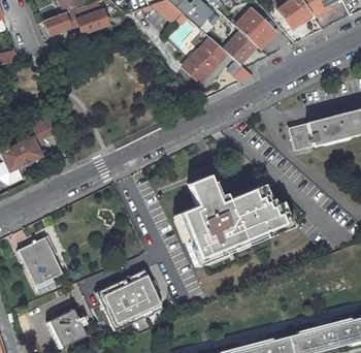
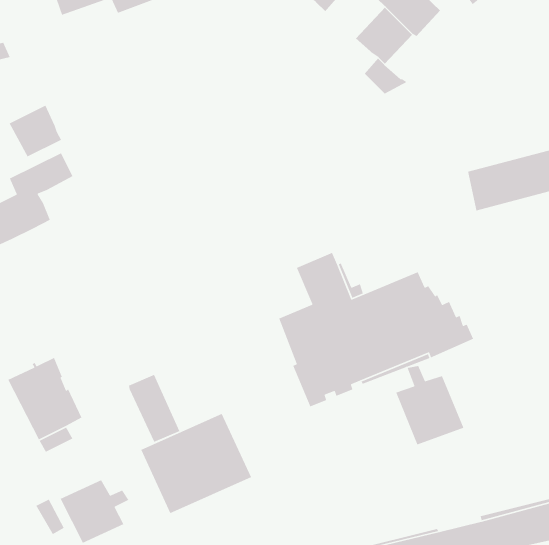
building: [184,37,233,87] -> none
building: none -> [9,104,62,158]
building: none -> [395,365,464,445]
building: none -> [128,374,180,443]

